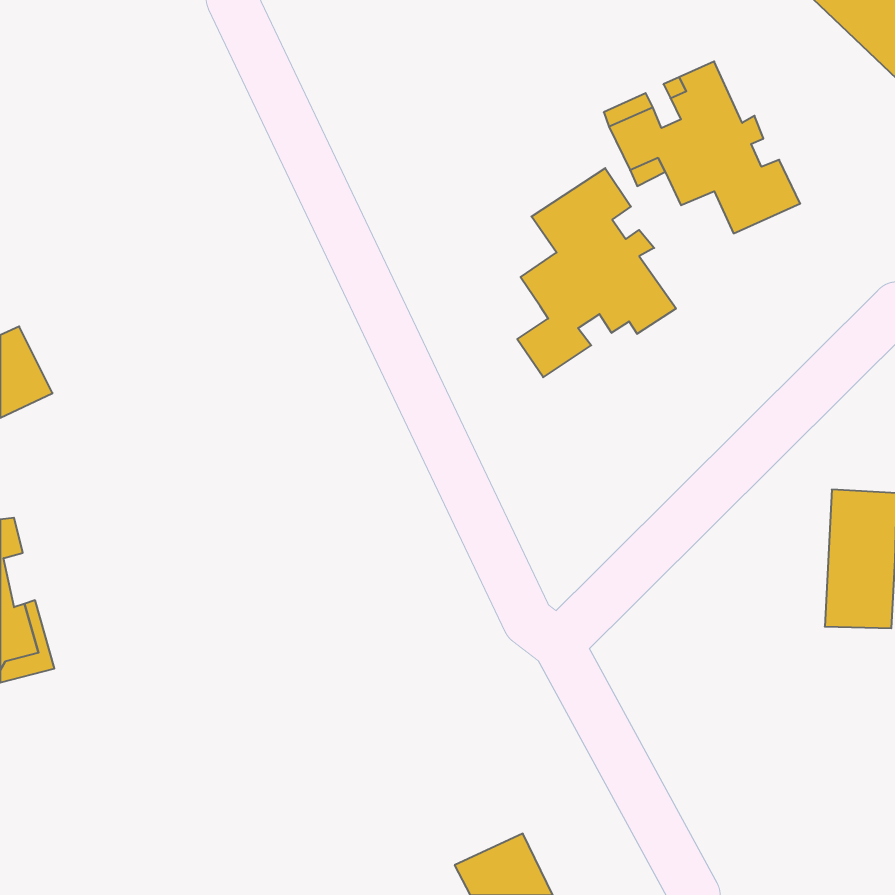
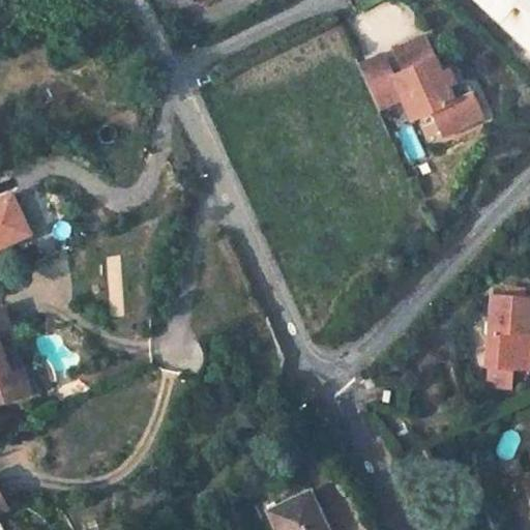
building: [517,168,676,377] -> none

